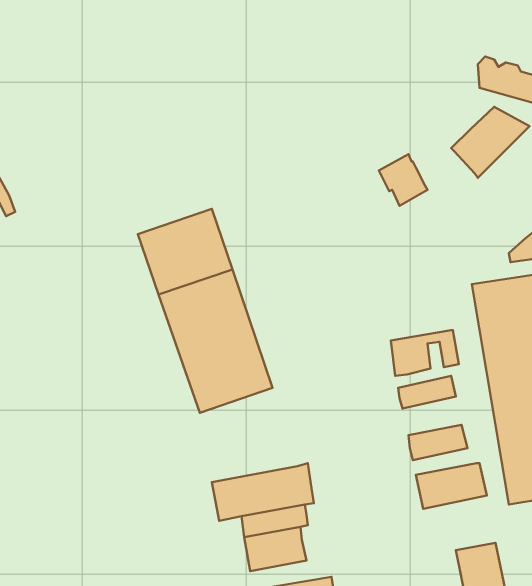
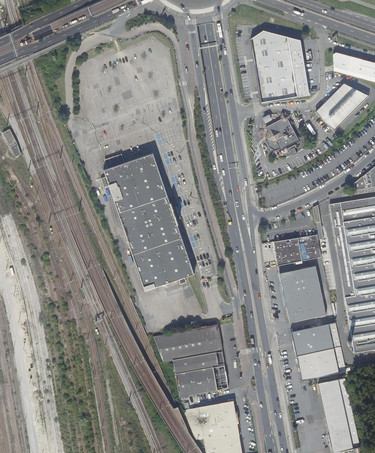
building: none -> [251,30,310,102]
building: none -> [283,279,323,305]
building: none -> [297,346,345,380]

